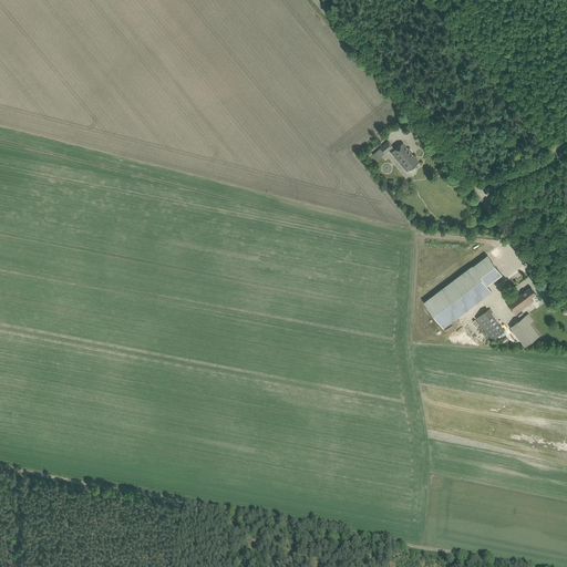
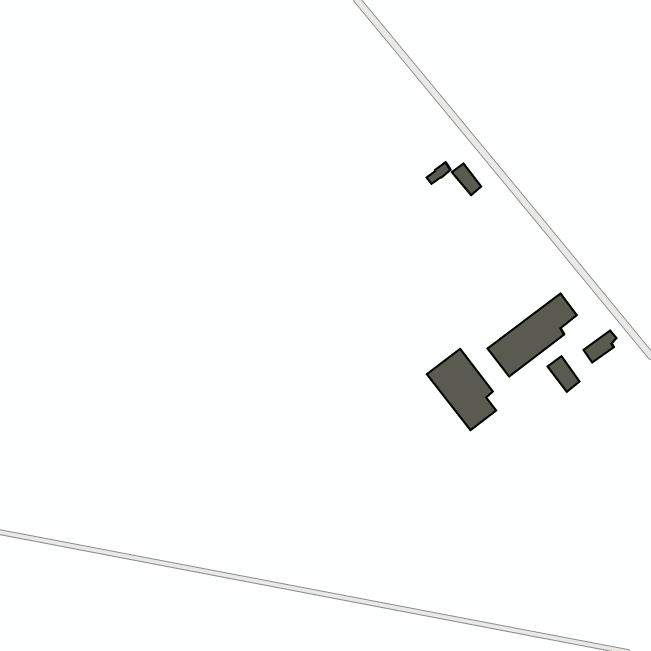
building: none -> [427,349,496,430]
building: [508,317,538,348] -> none

